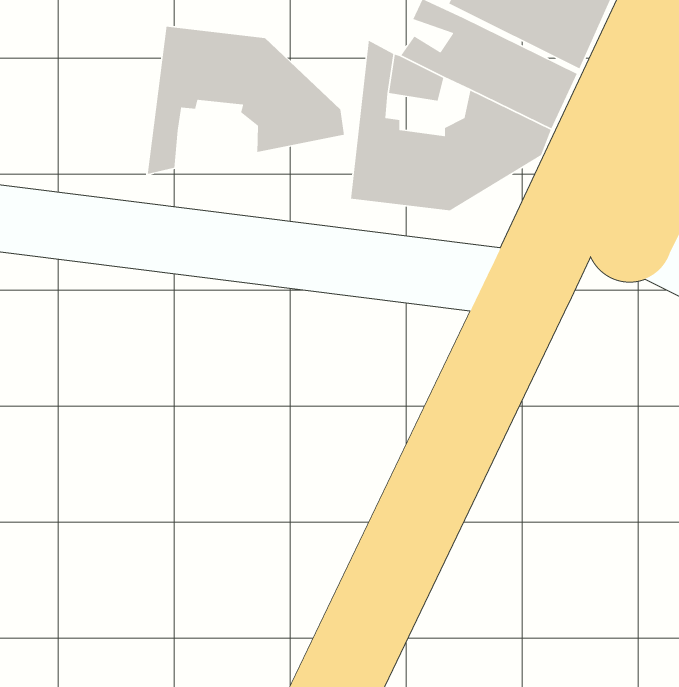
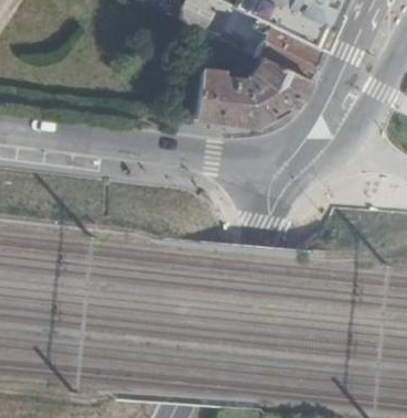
building: [147,26,345,175] -> none

